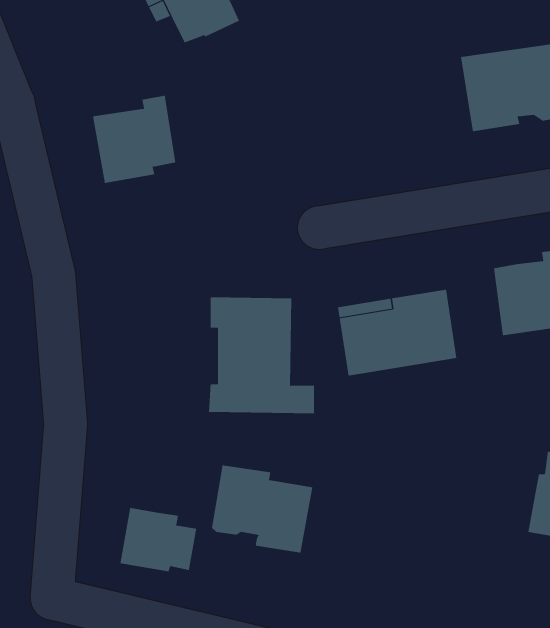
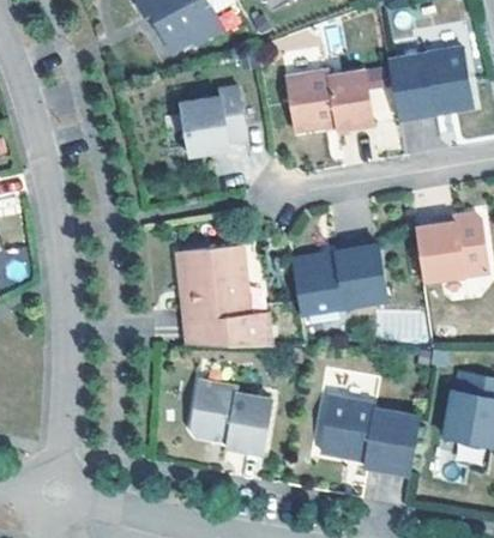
building: none -> [285,68,373,128]
building: [92,95,176,184] -> [176,85,243,156]
building: none -> [319,397,420,474]
building: [120,507,197,572] -> none

